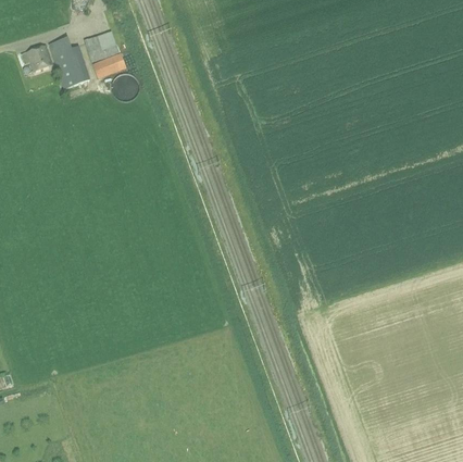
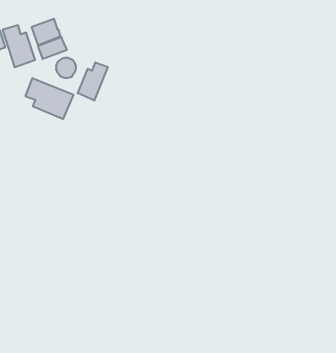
building: none -> [78,62,108,101]
building: none -> [26,78,73,119]

